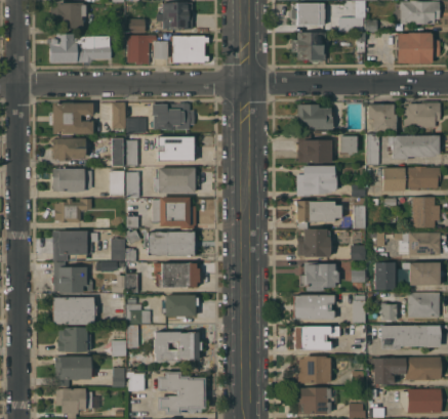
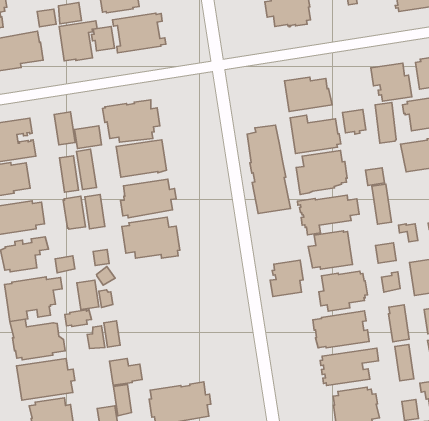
building: none -> [247,125,290,214]
building: [142,232,193,256] -> none
building: none -> [270,260,303,296]
building: [153,263,199,288] -> none
building: [161,295,197,318] -> none

